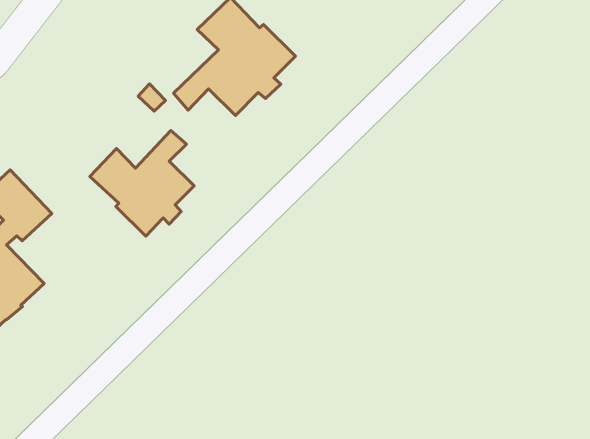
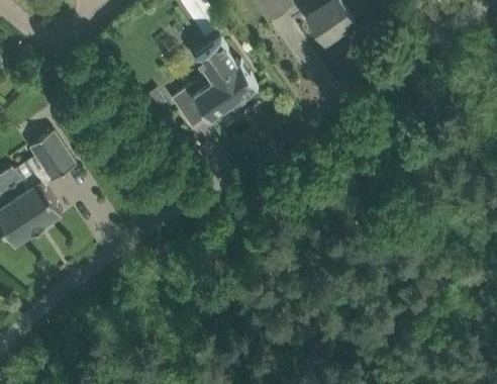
building: [90,131,194,236] -> none

